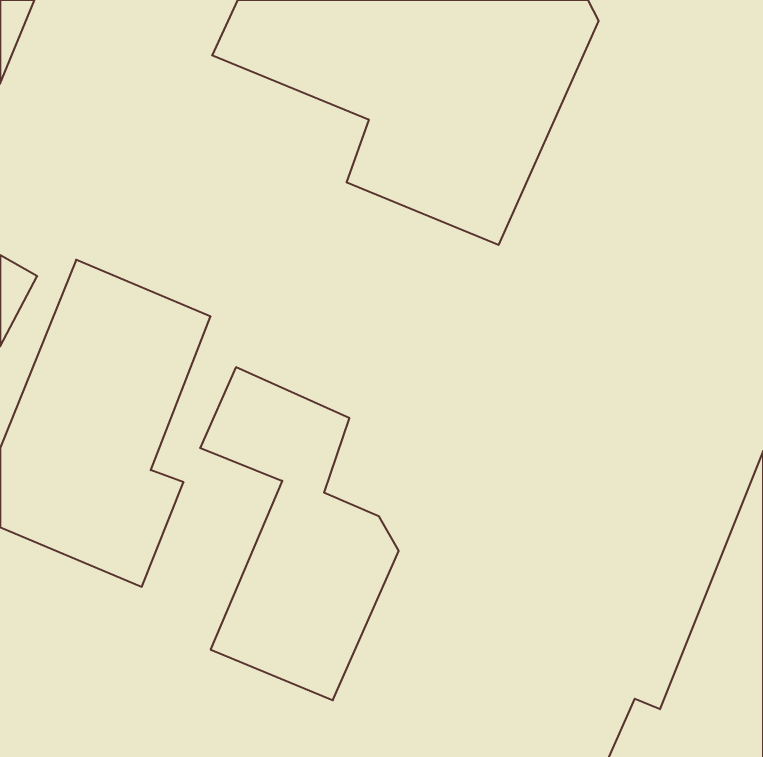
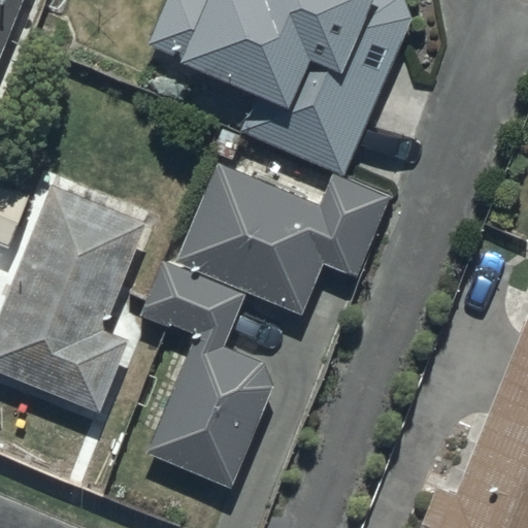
building: none -> [177,163,392,312]

